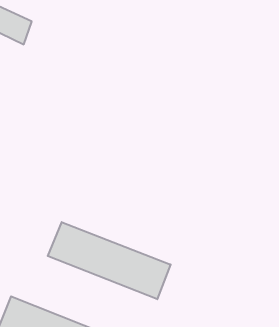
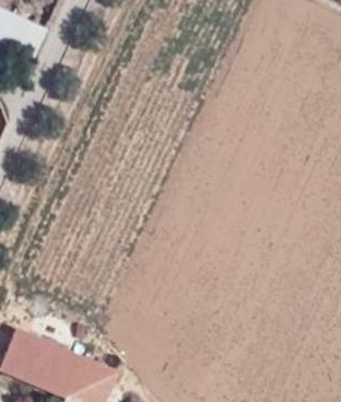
building: [48,222,171,299] -> none

